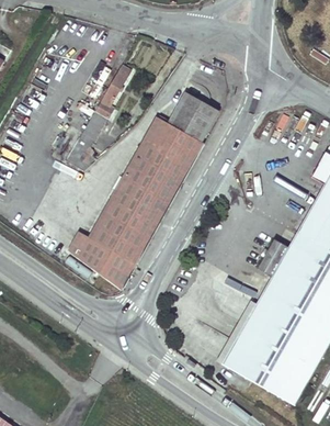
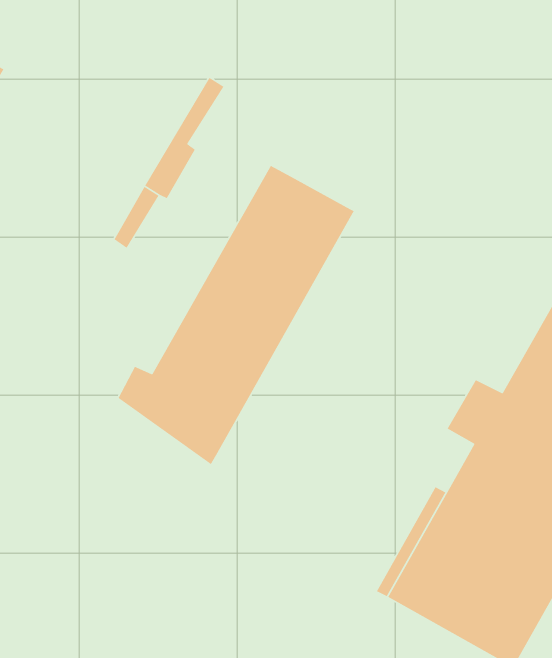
building: [168,92,219,142] -> none

